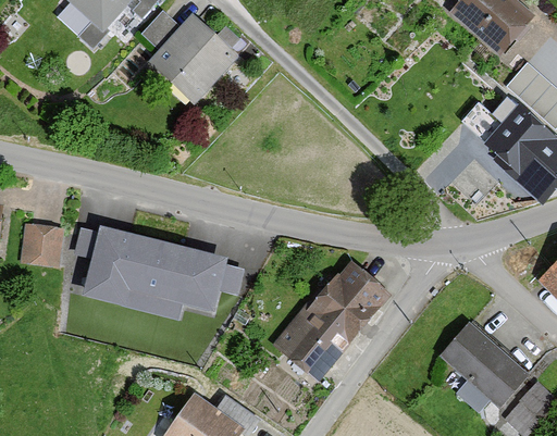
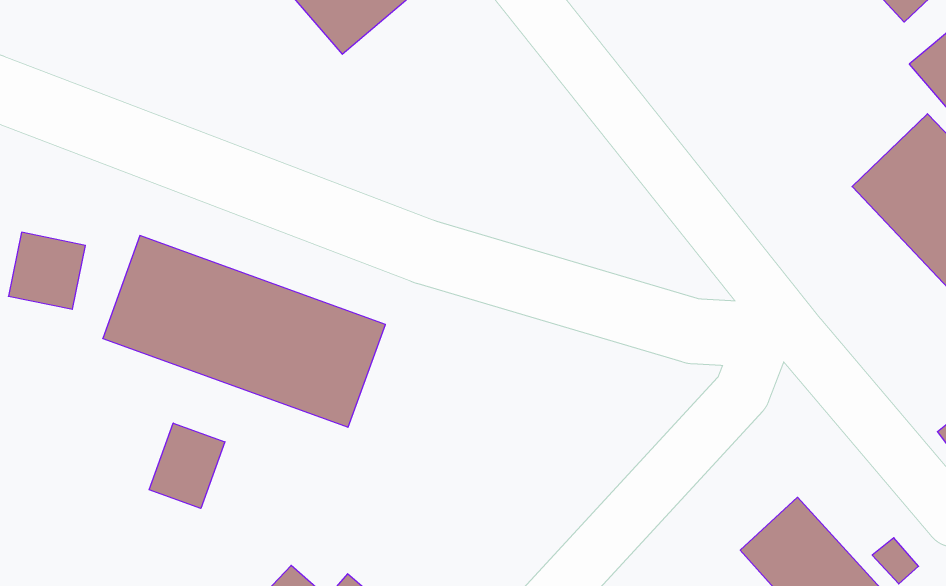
building: [272,263,389,383] -> none
building: none -> [149,423,225,508]

